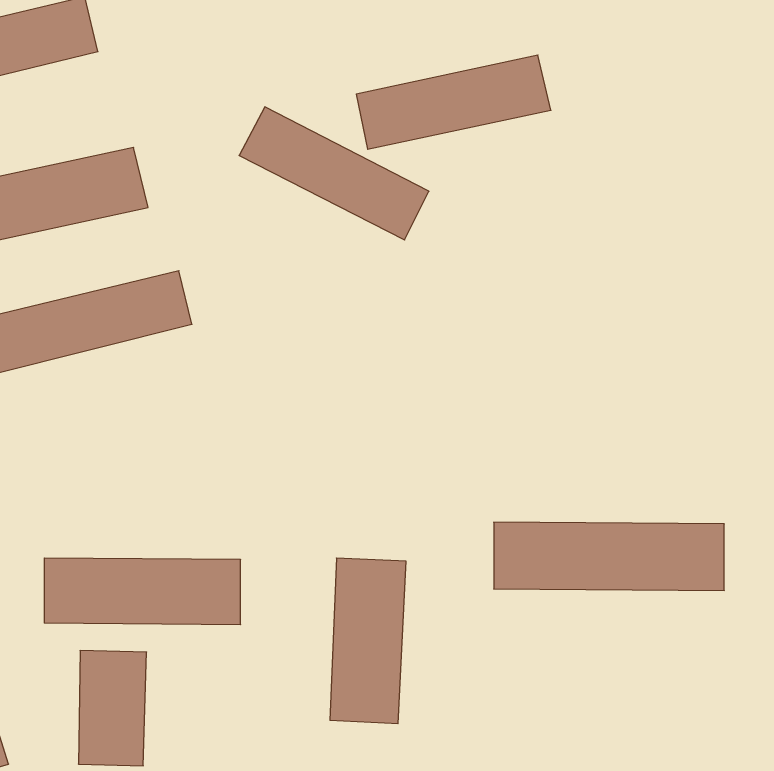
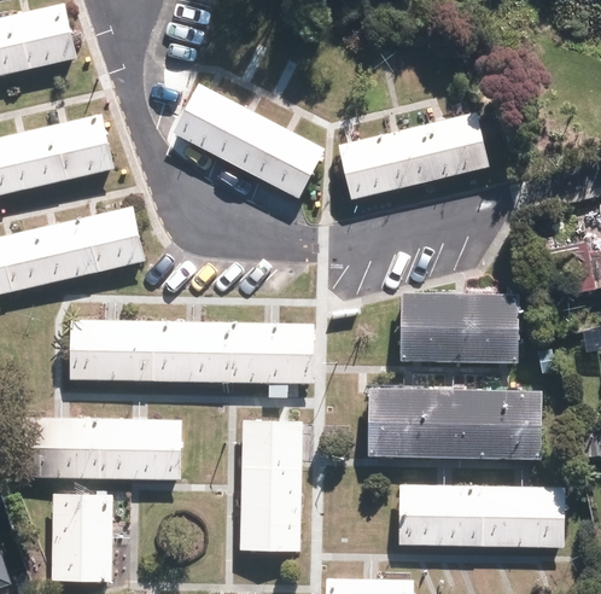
building: [356,55,551,149] -> [340,124,485,194]
building: none -> [402,304,517,355]
building: none -> [70,326,314,379]
building: none -> [398,494,560,541]

